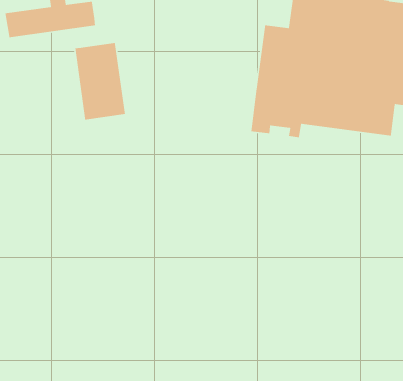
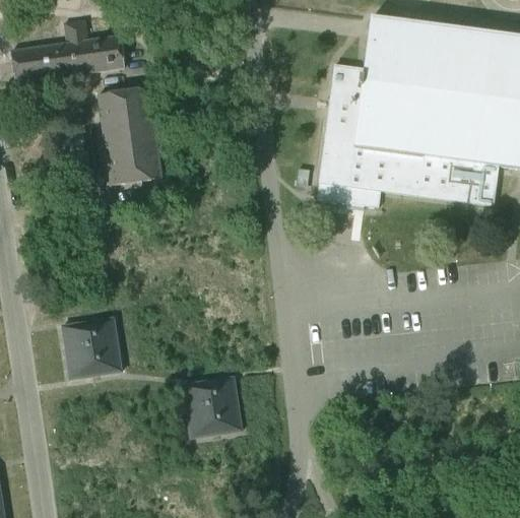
building: none -> [62,317,121,378]
building: none -> [182,376,241,437]

